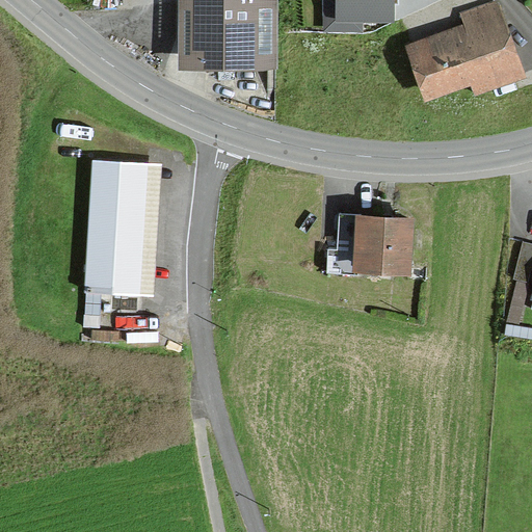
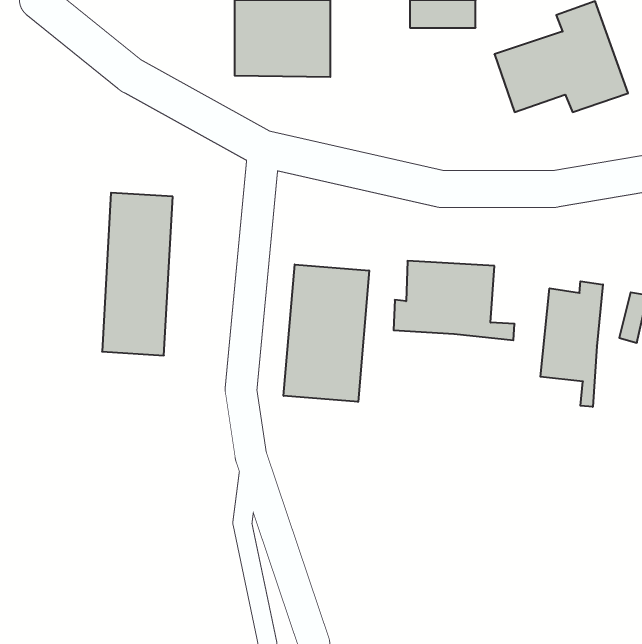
building: none -> [284,264,369,402]
building: none -> [540,281,603,407]

